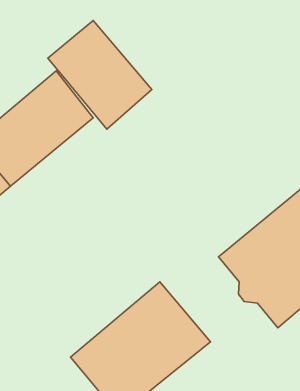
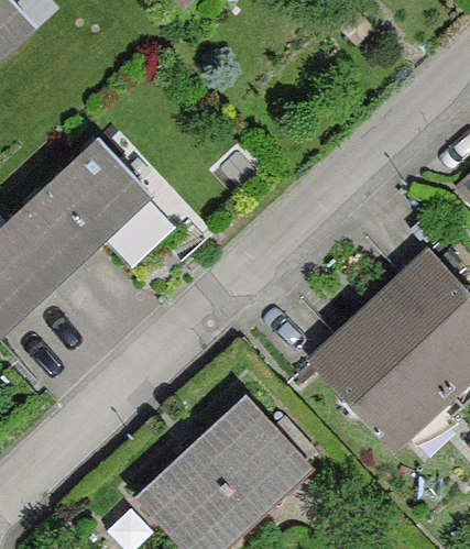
building: [48,20,152,129] -> none

